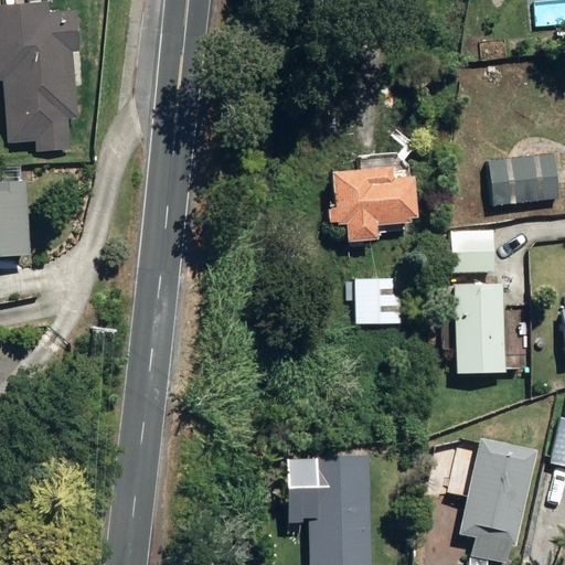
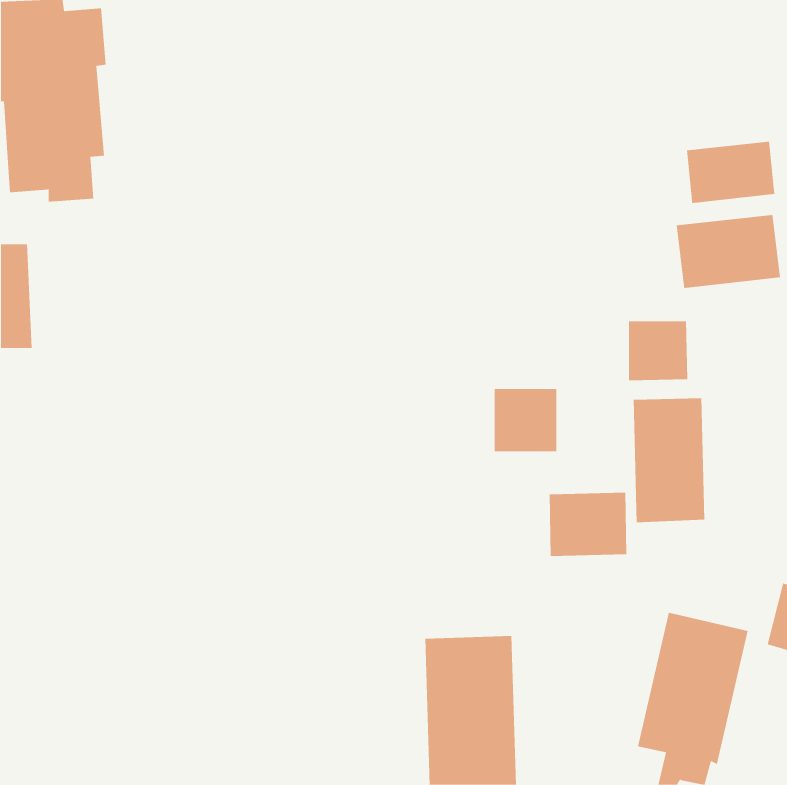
building: none -> [687,141,775,204]
building: [324,166,416,247] -> none
building: none -> [549,492,627,557]

